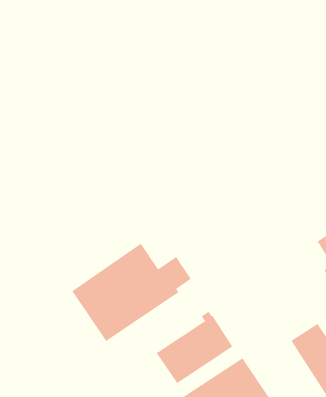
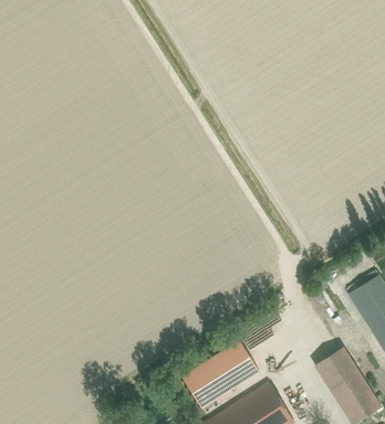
building: [72,243,192,342] -> none

